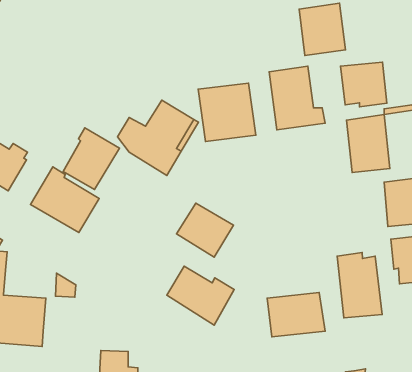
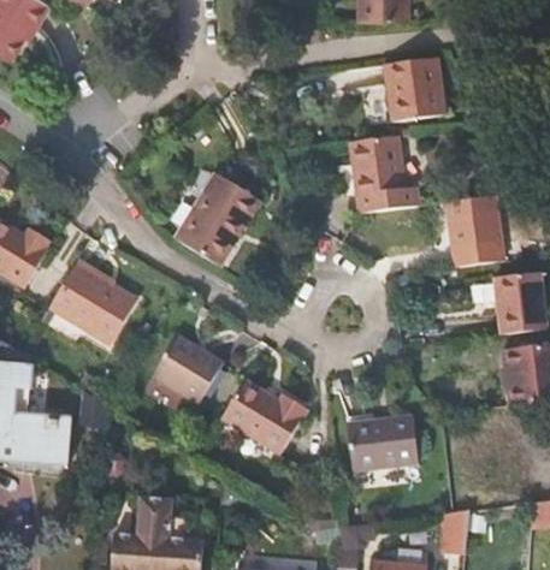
building: [341,62,387,107] -> none
building: [198,83,256,141] -> none
building: [63,128,119,190] -> none
building: [176,203,233,257] -> [150,337,221,404]
building: [337,253,382,318] -> none

